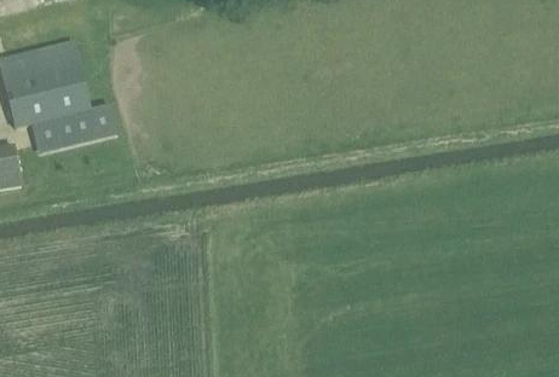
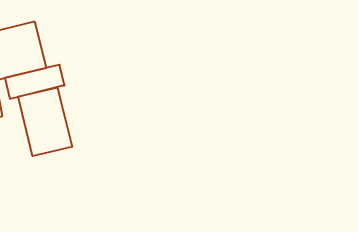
building: none -> [18,87,72,156]

